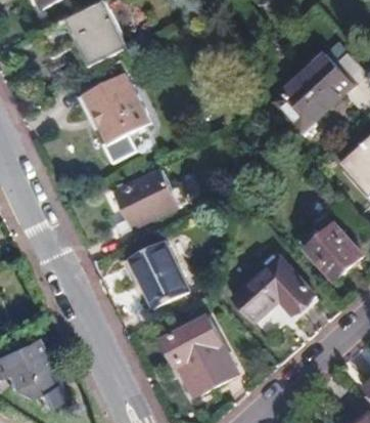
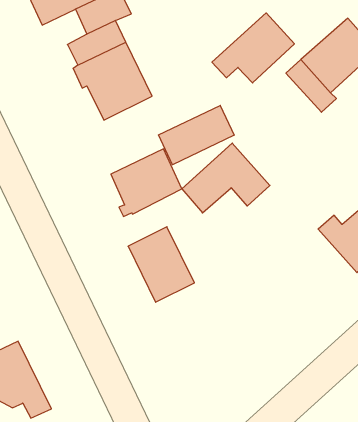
building: none -> [212,13,294,83]
building: none -> [159,105,234,165]
building: [232,254,311,316] -> [182,143,270,213]
building: [163,316,237,397] -> none

